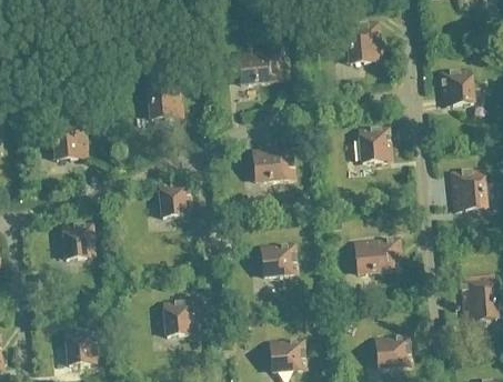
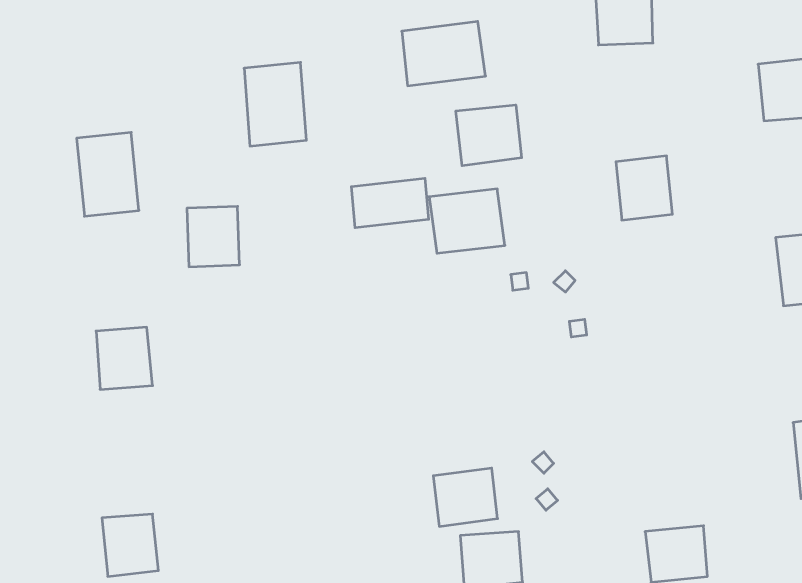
building: none -> [456,105,522,166]
building: none -> [351,178,429,228]
building: [160,183,190,218] -> [187,206,240,267]
building: [354,239,402,275] -> none
building: [261,244,298,278] -> [433,468,498,526]
building: [163,301,195,338] -> none

